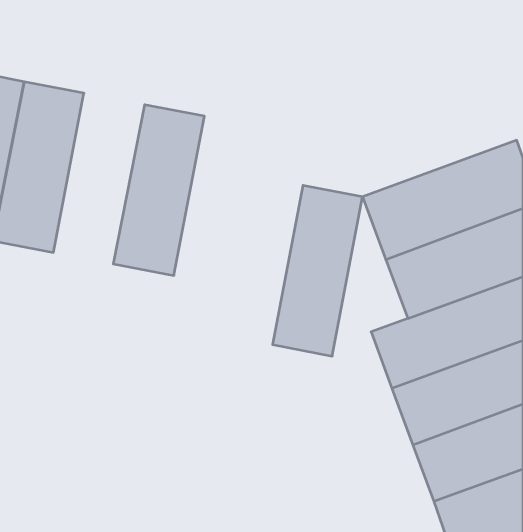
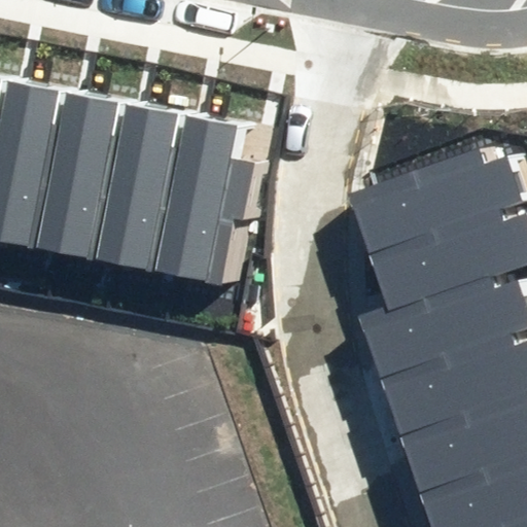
building: none -> [52,95,142,262]
building: [273,185,363,356] -> [171,117,259,285]

